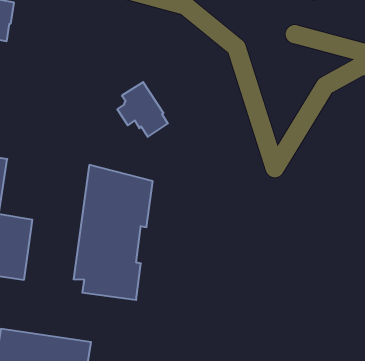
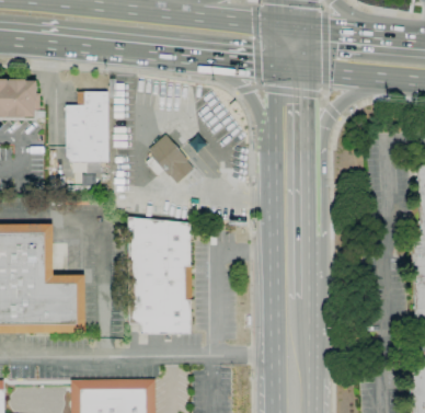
building: none -> [66,92,108,162]

